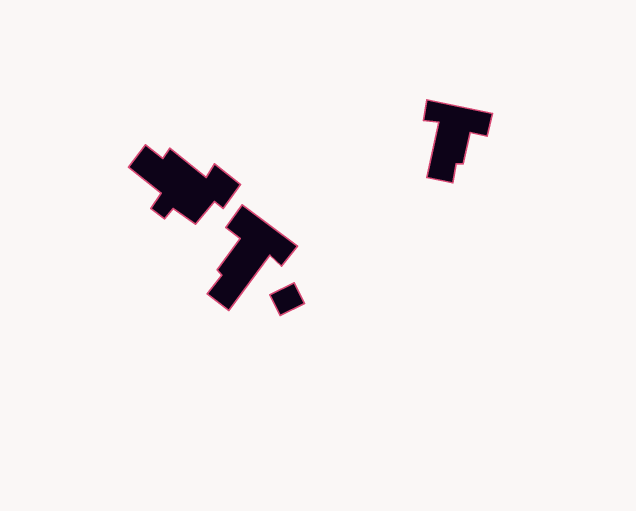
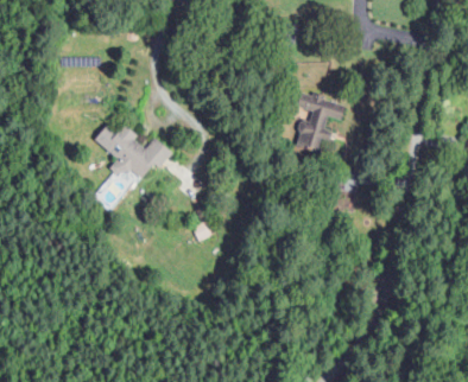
building: [207,205,298,310] -> none

